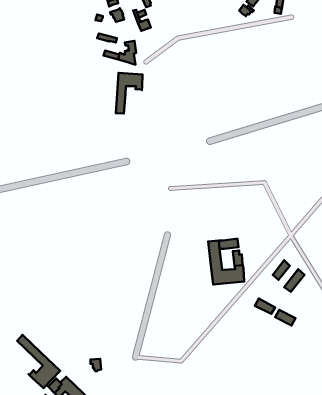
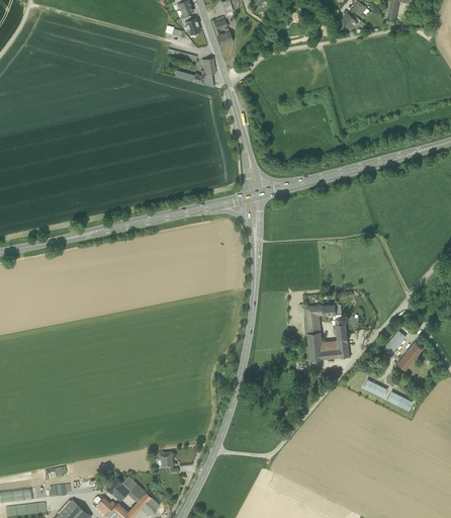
building: [116,73,143,113] -> none
building: [17,335,60,388] -> none

